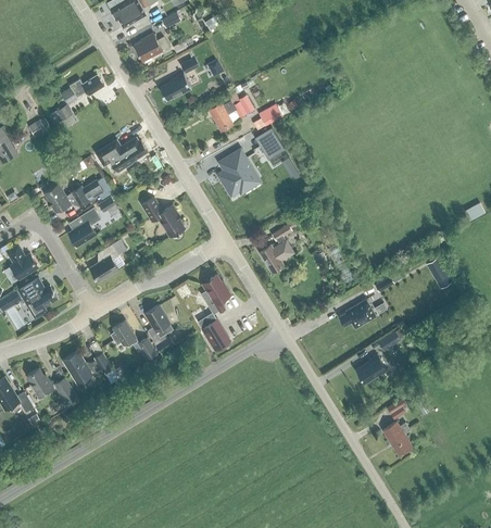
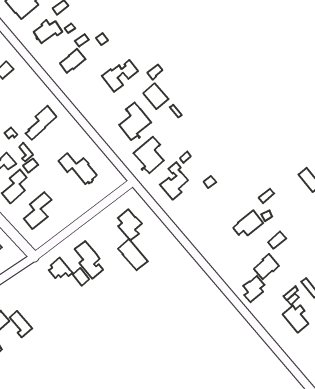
building: none -> [133,137,164,173]
building: [62,350,111,384] -> none
building: none -> [243,276,265,302]

